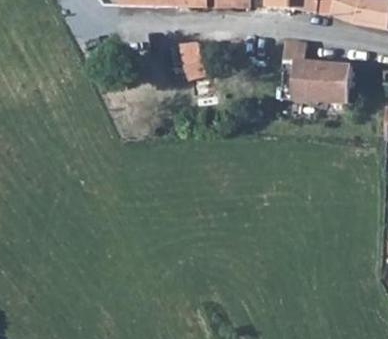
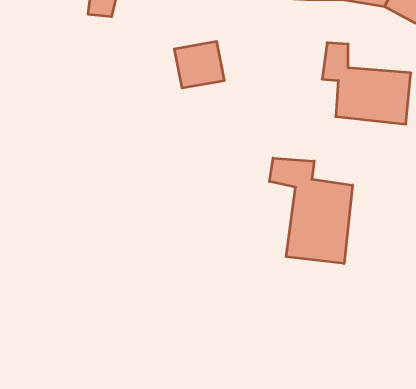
building: none -> [269,158,352,264]

